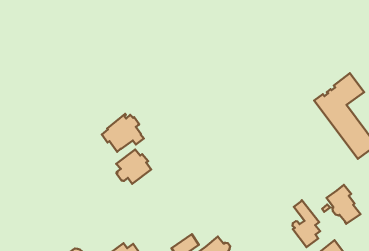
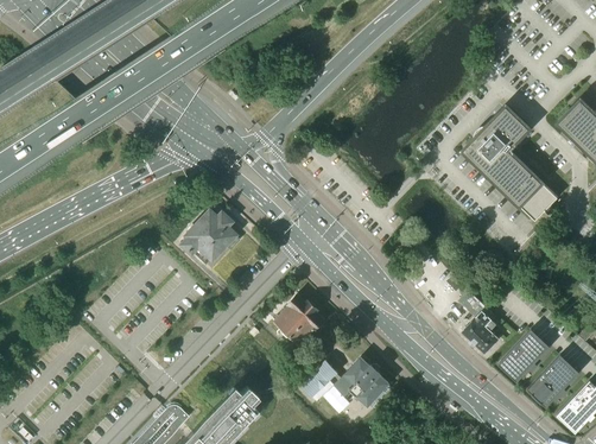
building: [116,150,151,184] -> [275,298,324,345]
building: [326,185,361,224] -> none

